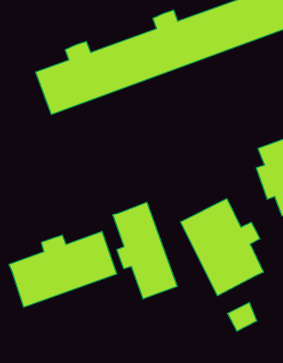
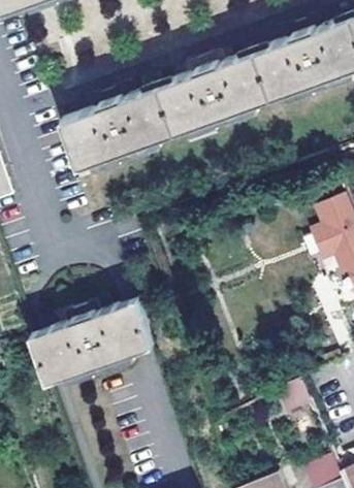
building: [181,199,264,296] -> none
building: [113,202,177,299] -> none

